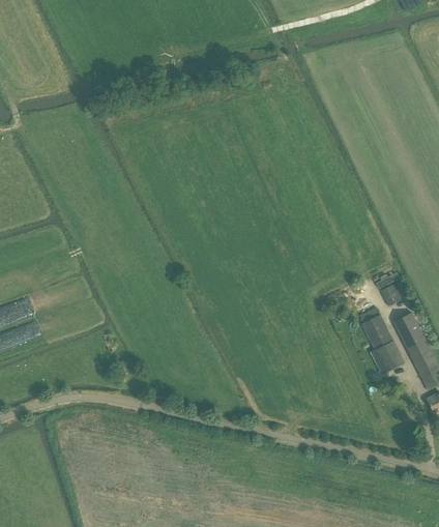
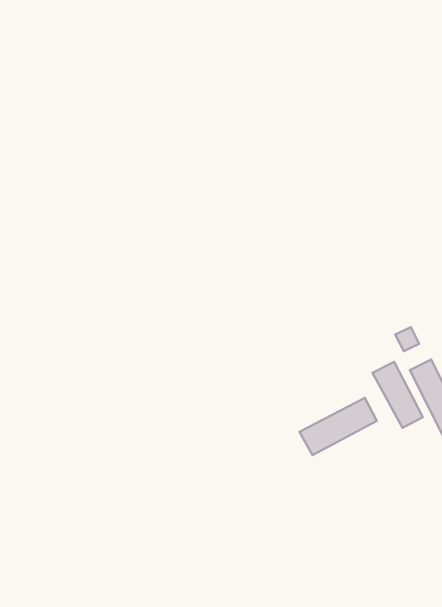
building: none -> [299,398,377,455]

